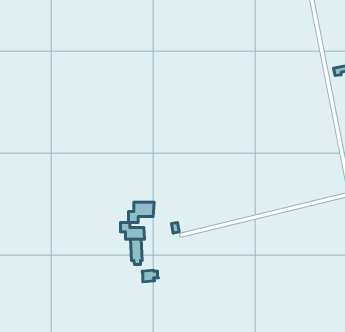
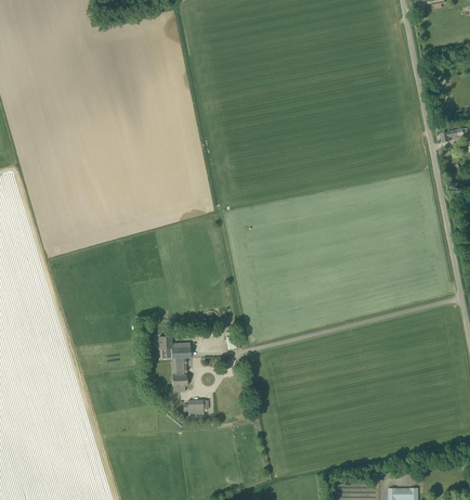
building: [129,202,154,223] -> none

